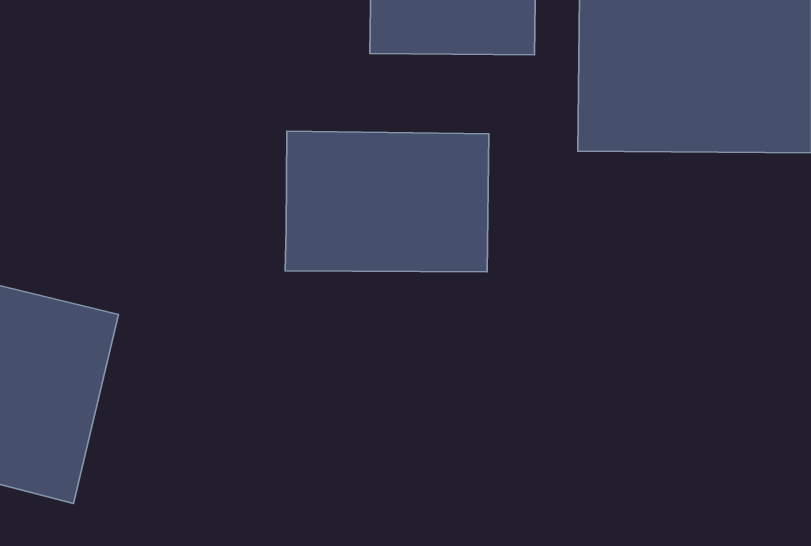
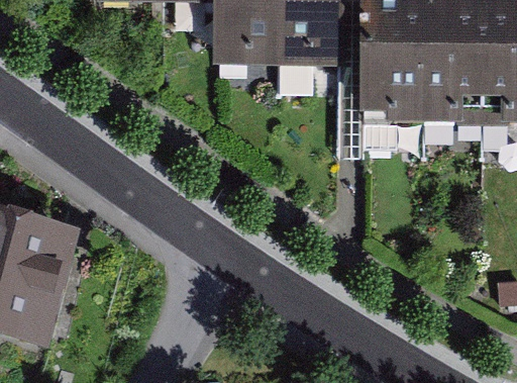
building: [285,131,489,272] -> none

